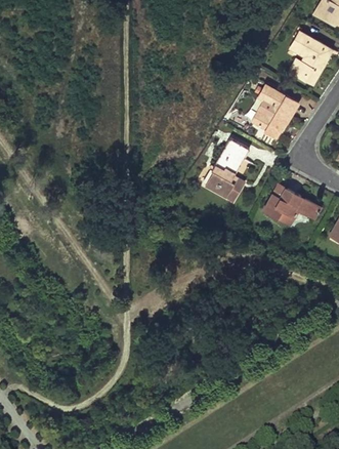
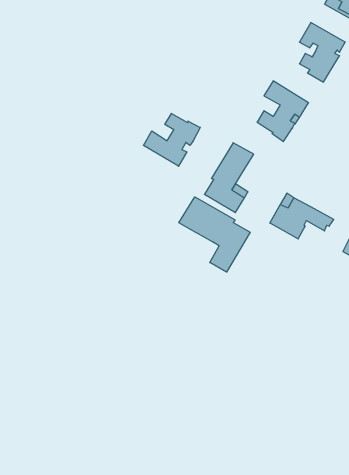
building: none -> [143,113,200,166]
building: none -> [179,197,250,272]

